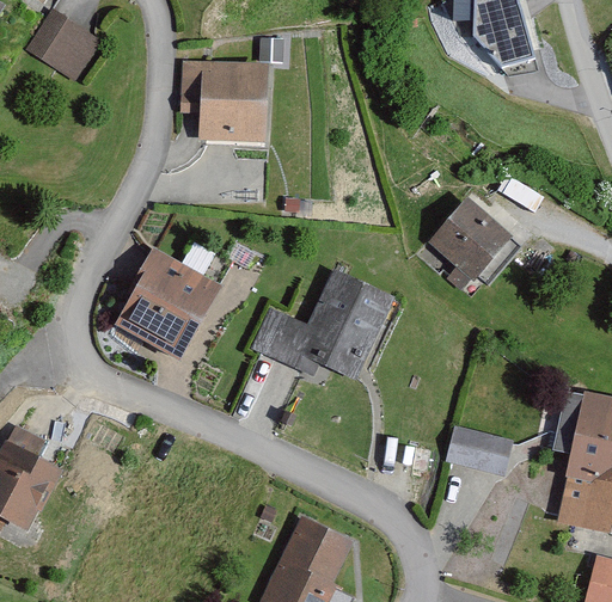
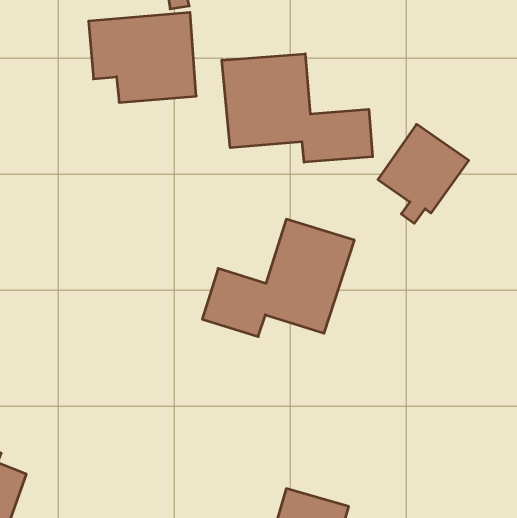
building: none -> [222,54,373,162]
building: [118,246,227,361] -> none
building: [445,428,512,477] -> none

